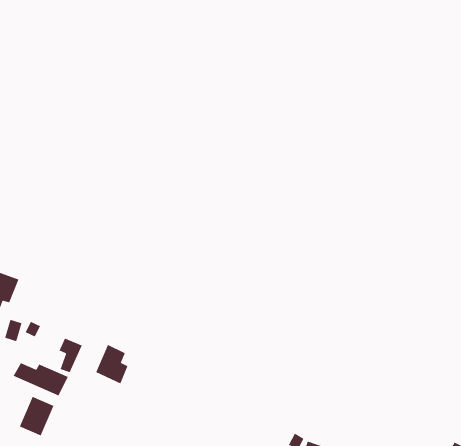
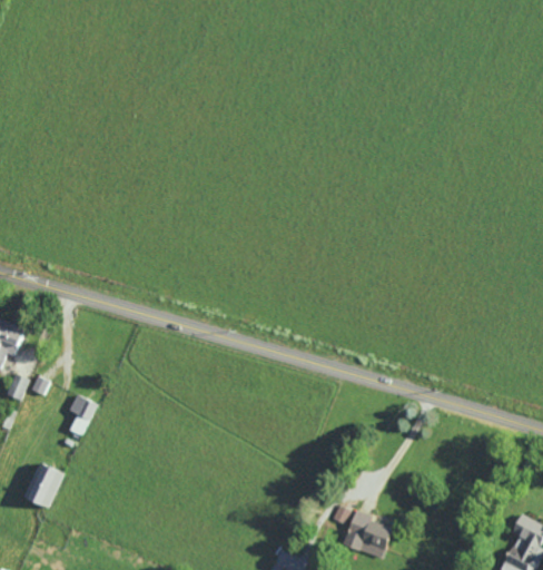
building: [95,344,128,384] -> none
building: [13,362,69,397] -> none

